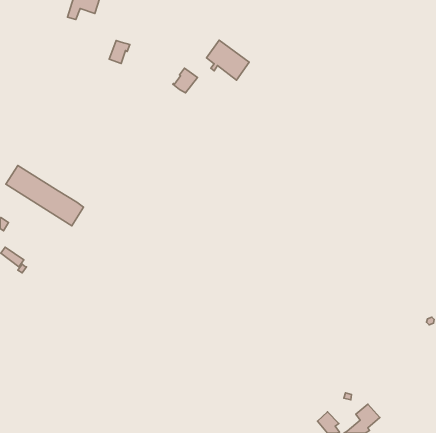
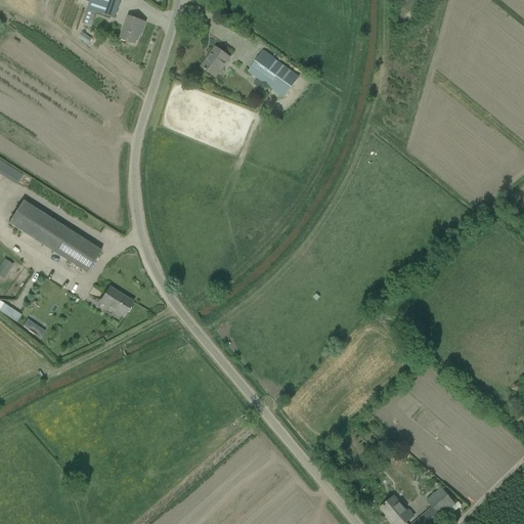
building: [109,40,130,63] -> [120,14,144,42]
building: [173,68,197,93] -> [201,45,230,75]
building: none -> [99,285,132,315]

